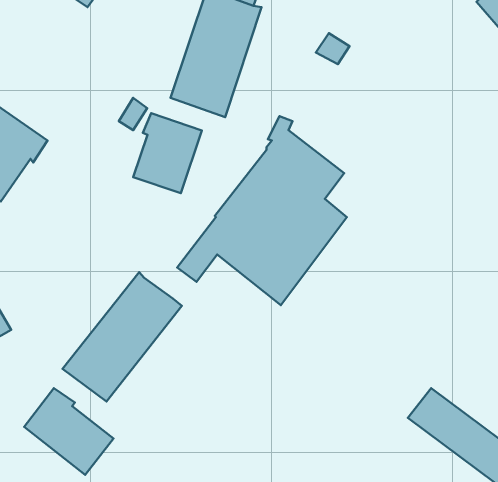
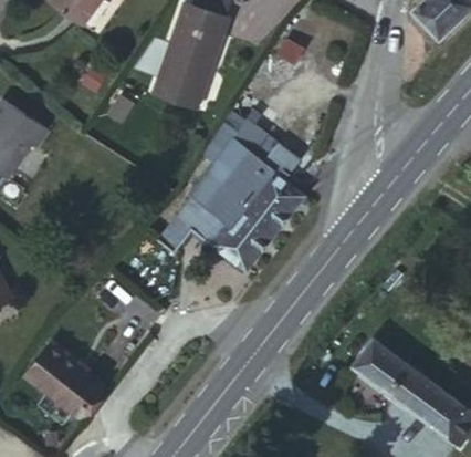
building: [133,113,202,193] -> none
building: [63,272,182,402] -> none

